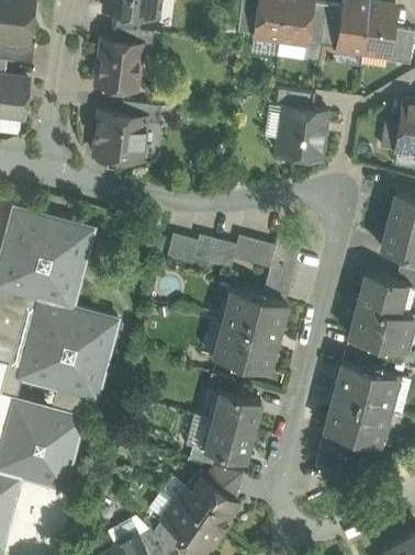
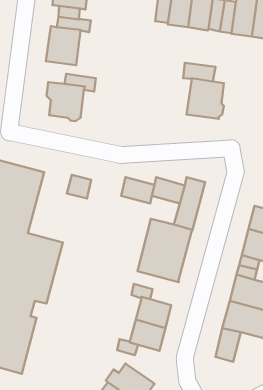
building: [166,235,198,265] -> [67,175,91,199]
building: [202,466,242,501] -> none

